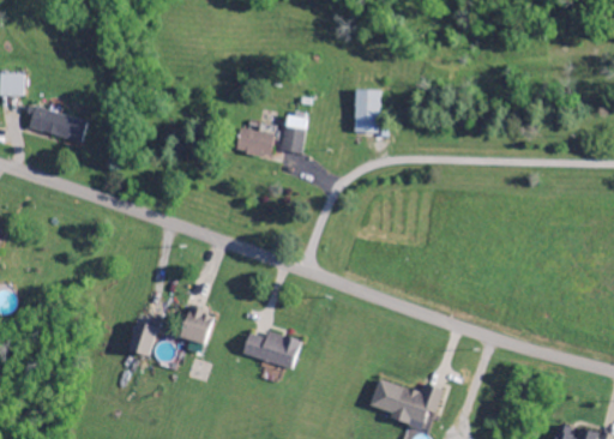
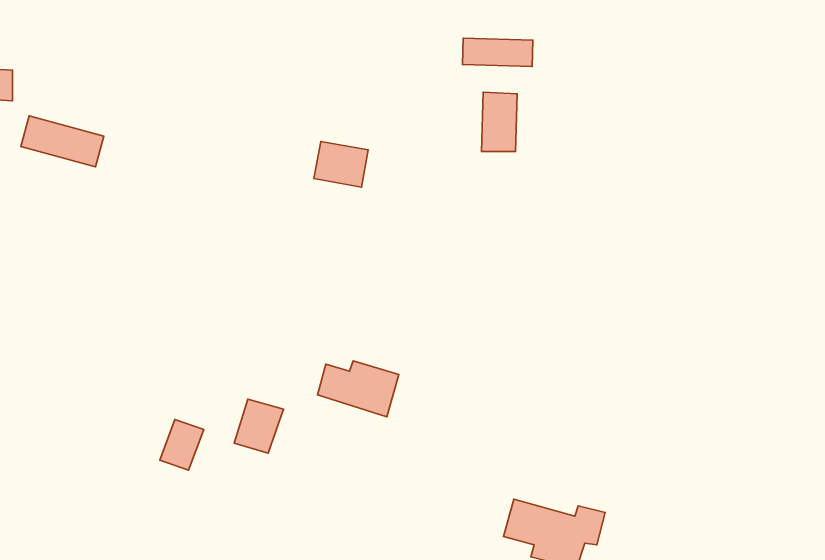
building: none -> [463,38,533,66]
building: [281,114,308,154] -> none
building: [243,331,301,371] -> [317,361,399,417]

